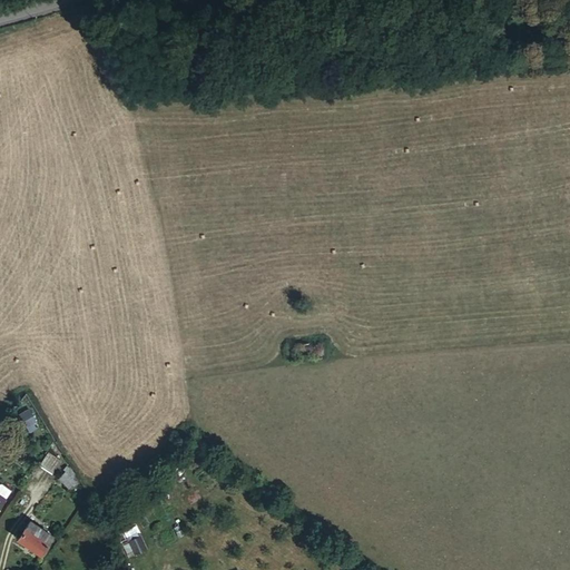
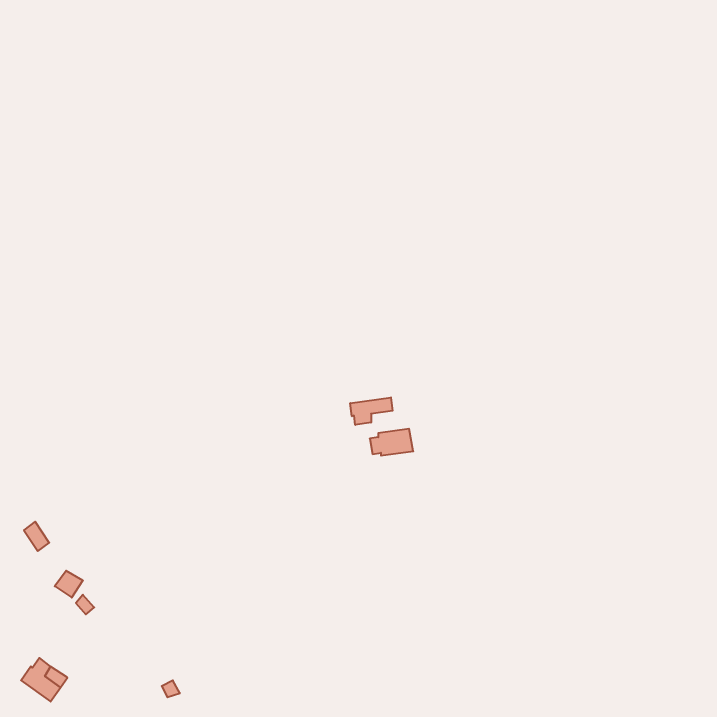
building: none -> [350,397,393,425]

